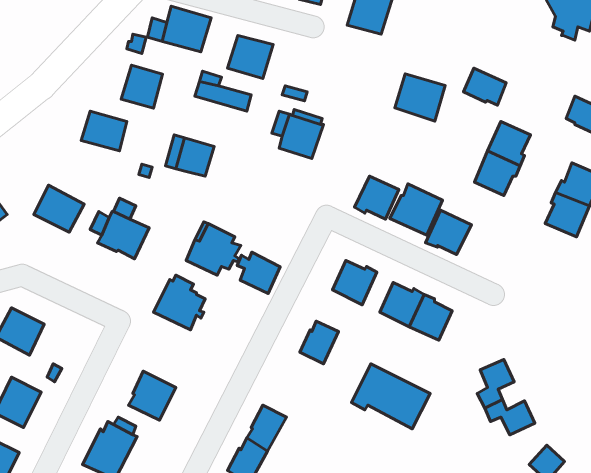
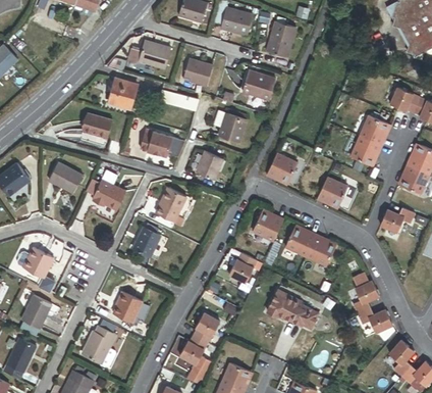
building: [463,68,506,105] -> [390,89,420,114]
building: [395,74,445,121] -> [239,68,274,101]
building: [390,184,443,235] -> none
building: [237,252,280,294] -> [193,152,222,181]
building: none -> [380,208,415,234]

